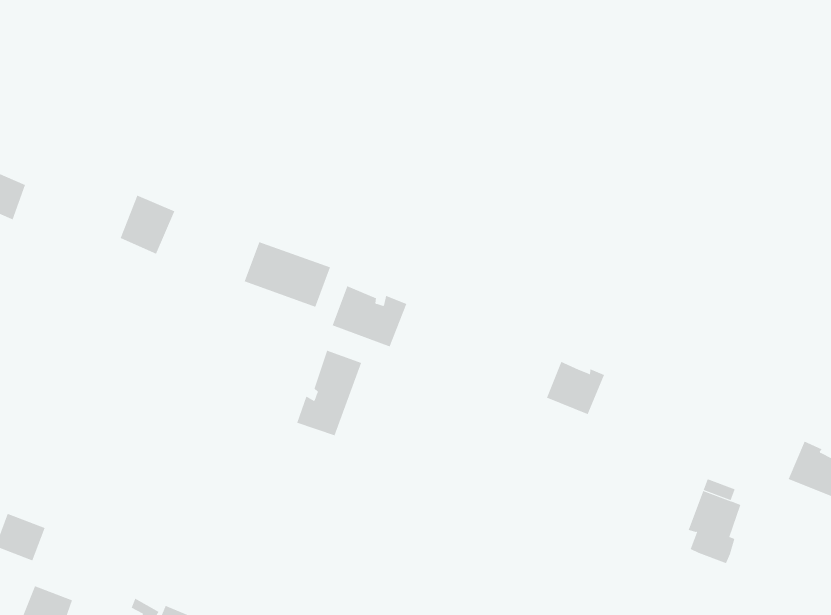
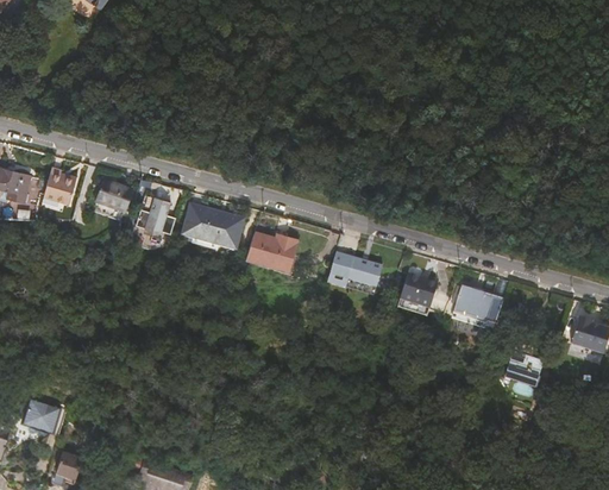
building: none -> [43,164,76,202]
building: none -> [137,196,177,234]
building: none -> [327,251,383,287]
building: [296,350,362,436] -> none
building: none -> [453,282,504,322]

